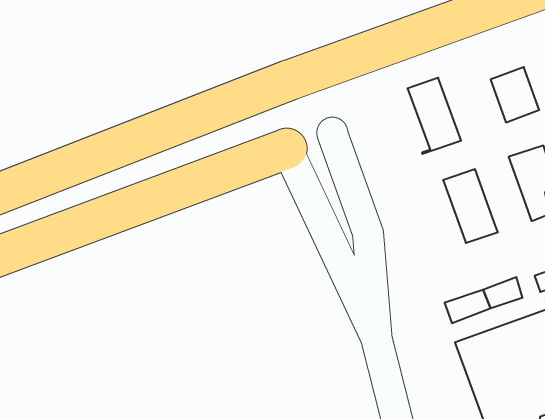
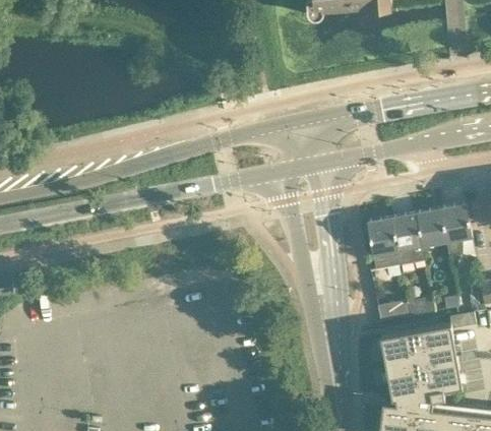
building: [491,67,539,122] -> [416,208,447,246]
building: [407,78,461,154] -> [368,218,401,270]

